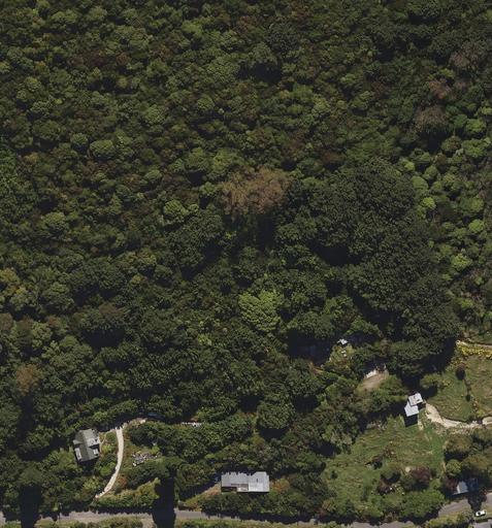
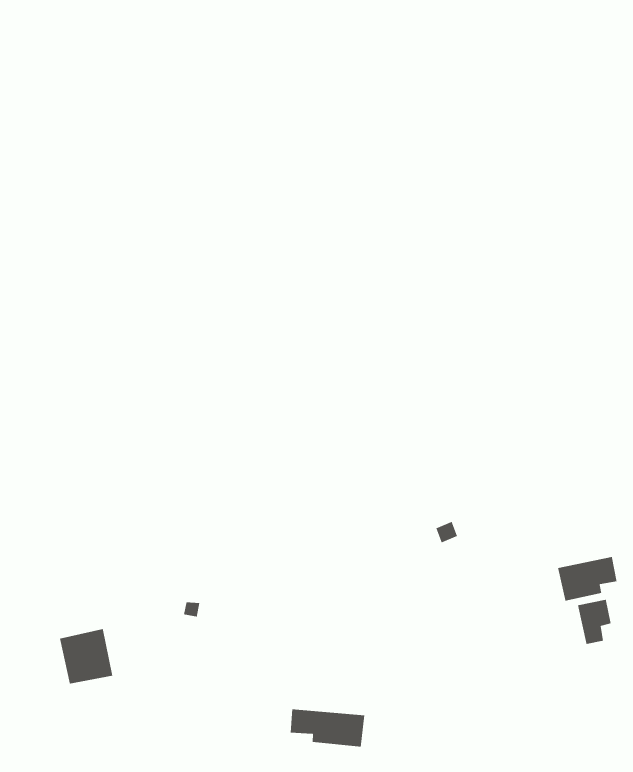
building: none -> [558,556,617,602]

